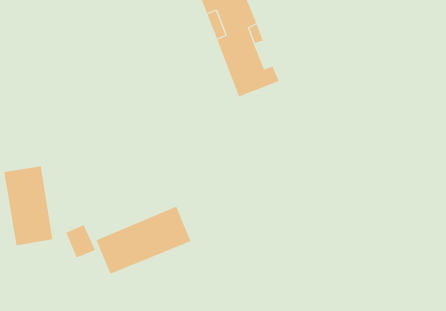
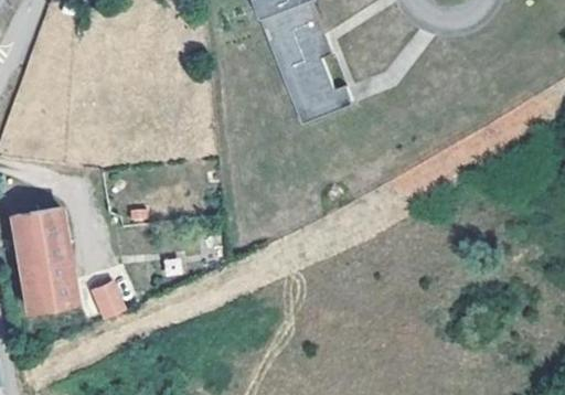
building: [96,206,191,275] -> none

